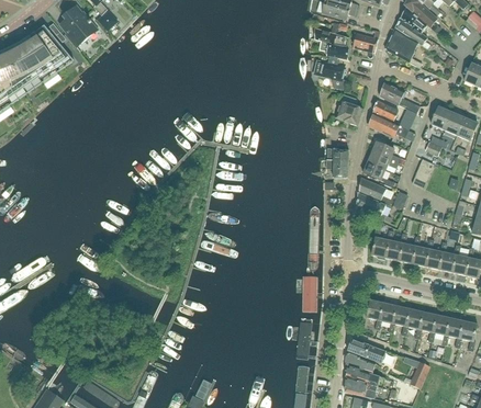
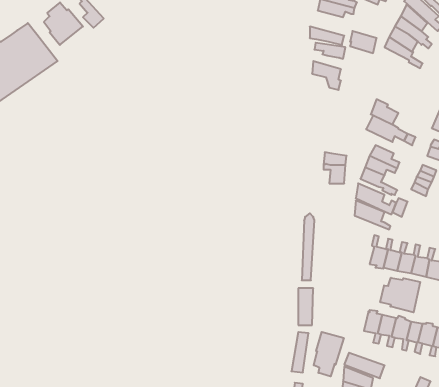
building: [379,81,420,113] -> none
building: [336,95,362,124] -> none
building: none -> [380,278,420,312]
building: none -> [314,332,344,376]

